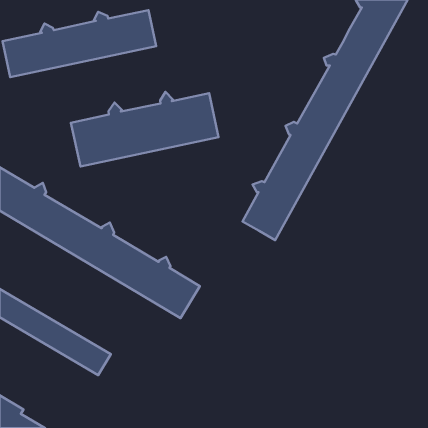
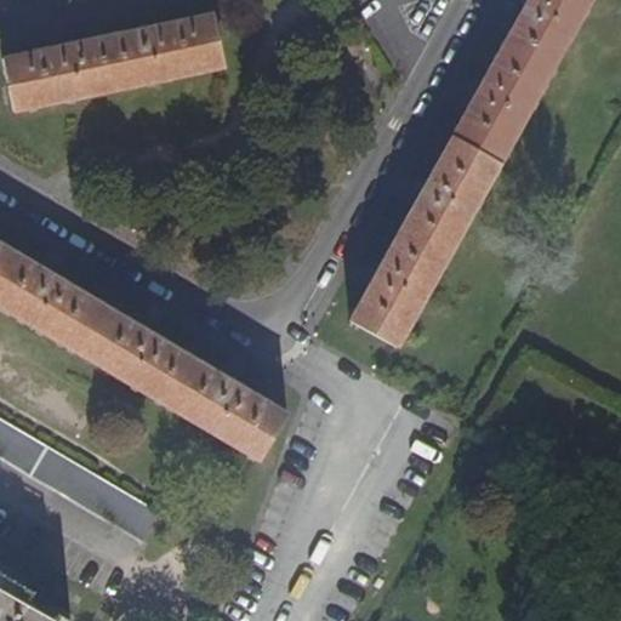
building: [71,92,218,167] -> none

